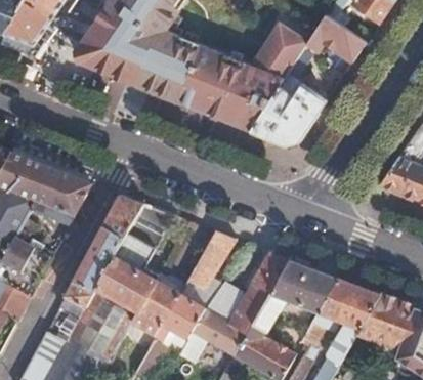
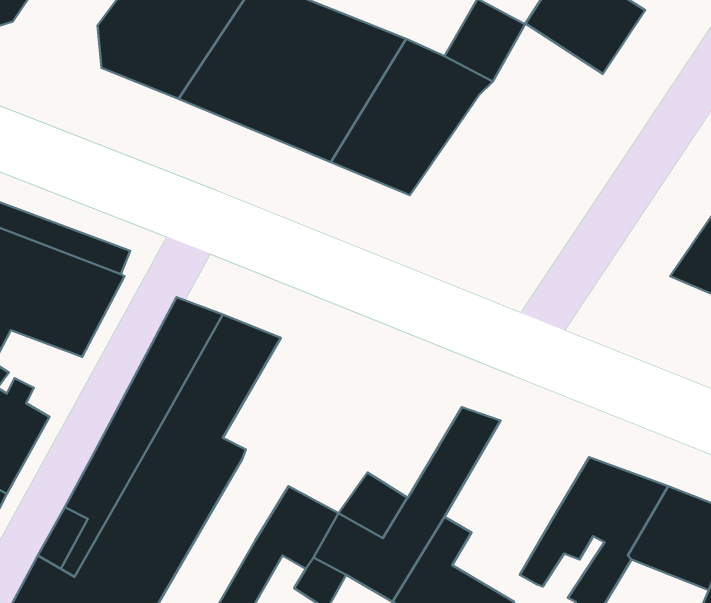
building: [243,82,328,150] -> none
building: [187,230,236,288] -> none
building: [261,258,338,318] -> none
building: [136,279,178,322] -> none

